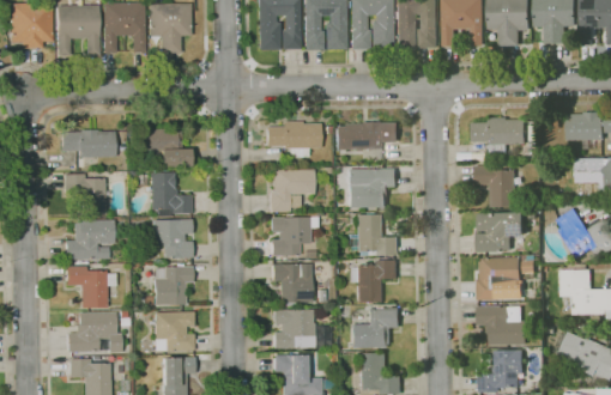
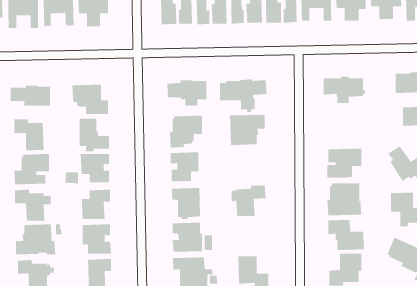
building: [476,165,516,207] -> none
building: [346,214,399,256] -> none
building: [351,306,400,348] -> none

